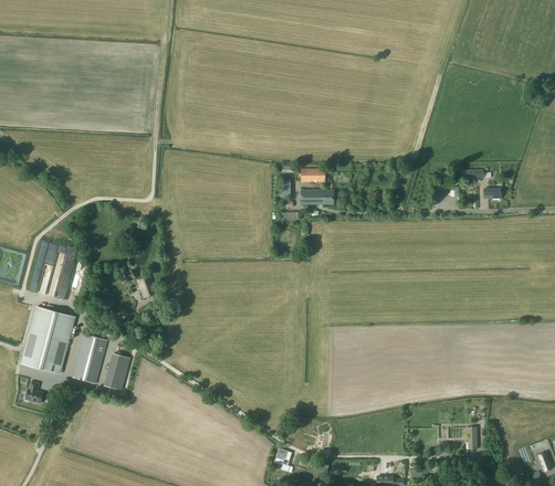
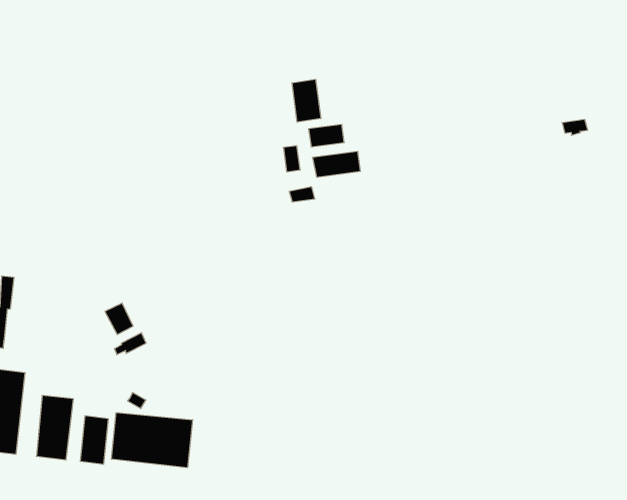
building: none -> [292,79,321,122]
building: none -> [112,413,193,468]

